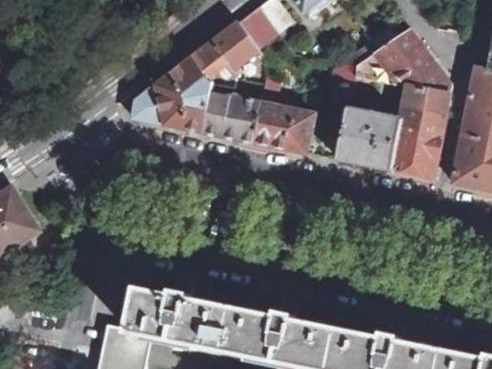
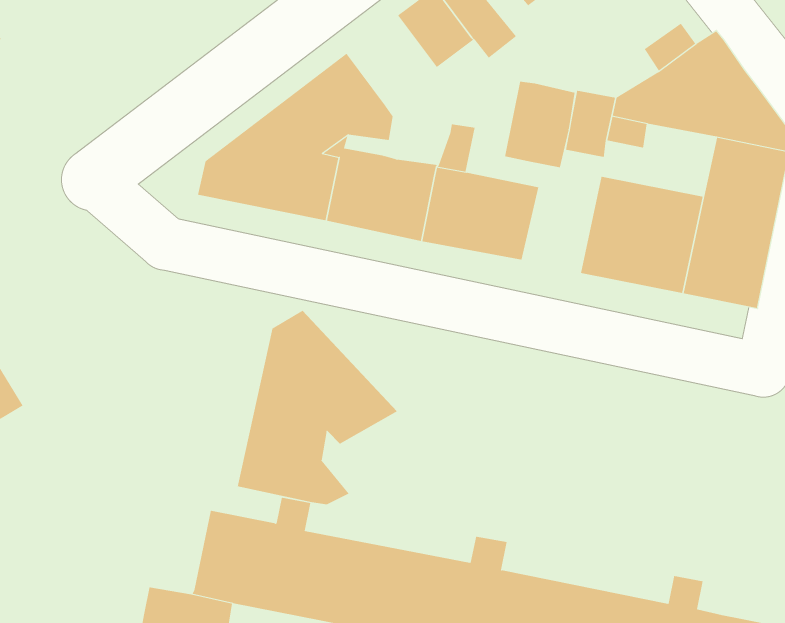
building: [211,22,259,70] -> none
building: none -> [505,81,575,168]
building: none -> [237,310,398,505]

